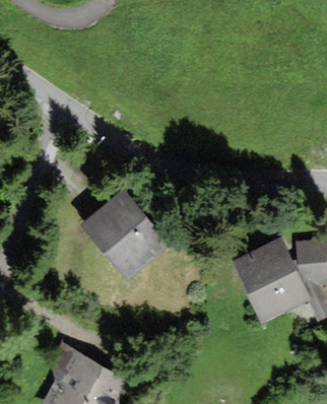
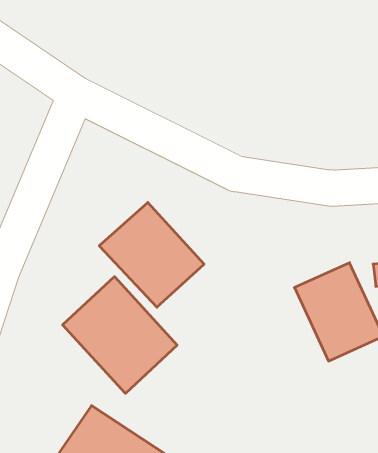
building: none -> [63,277,177,393]

